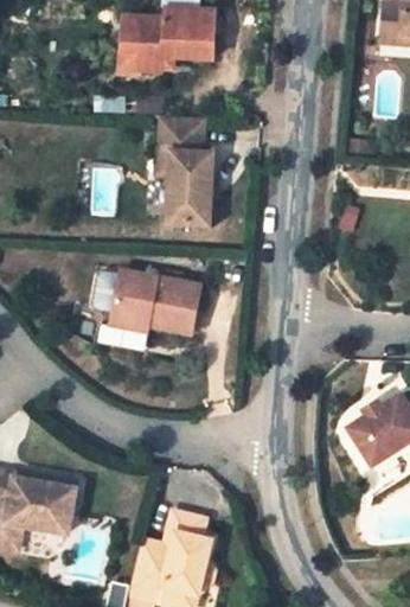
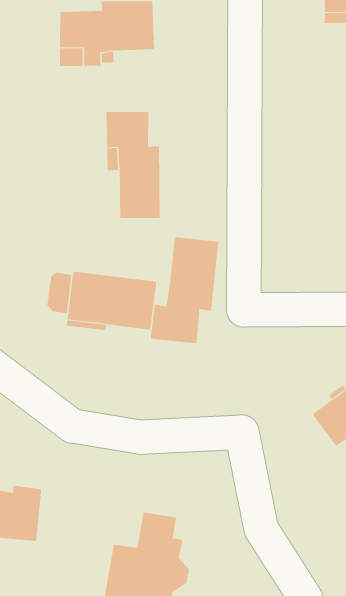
building: none -> [150,237,219,344]

